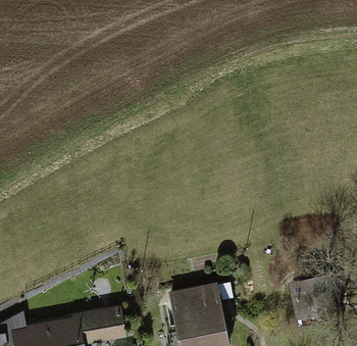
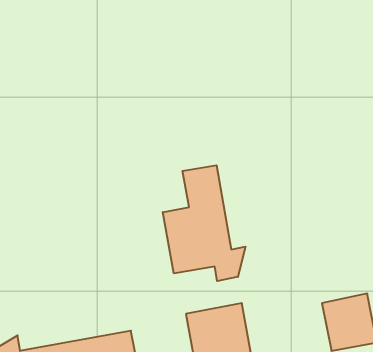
building: none -> [163,165,245,281]

